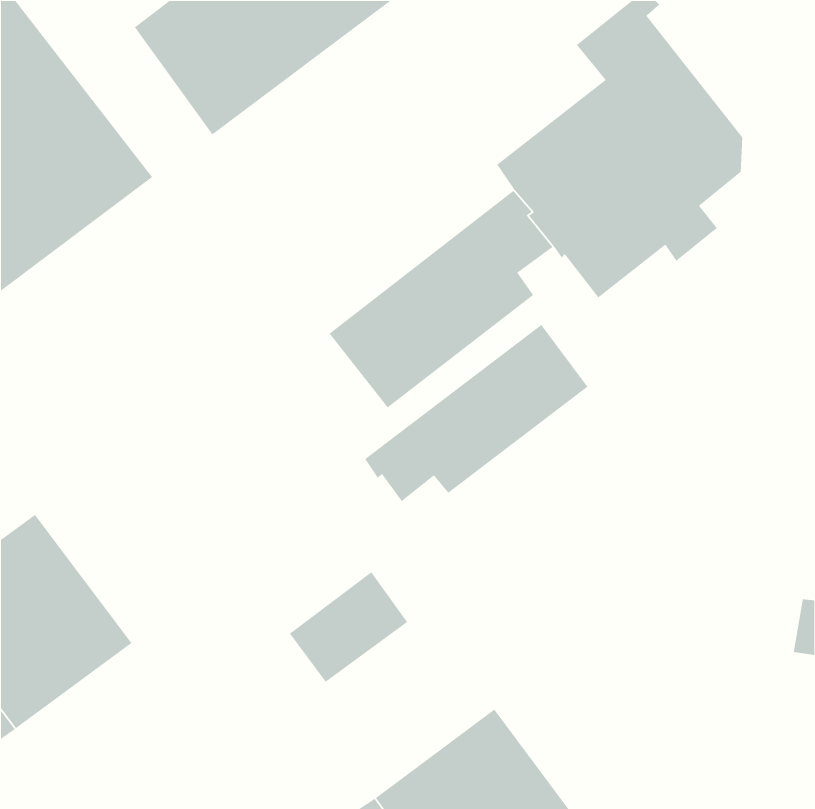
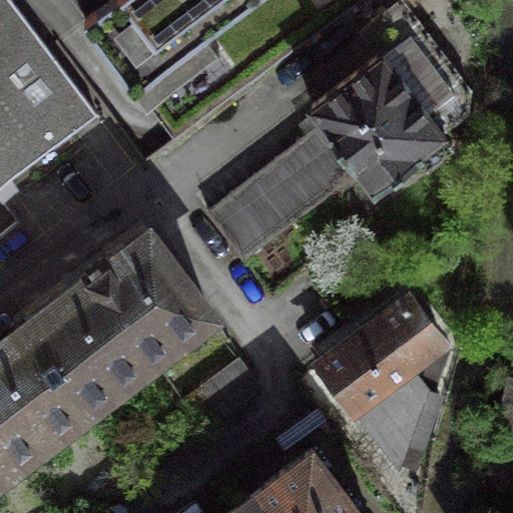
building: [364,324,588,502] -> none
building: none -> [22,233,209,408]
building: none -> [320,297,448,463]

